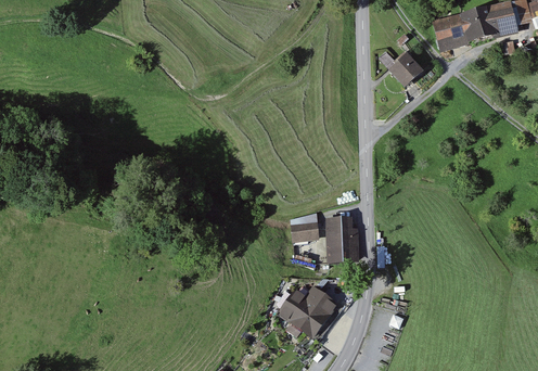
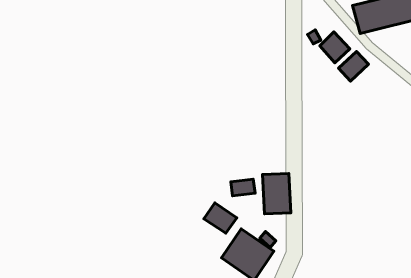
building: none -> [338,51,368,81]
building: none -> [204,203,237,233]

